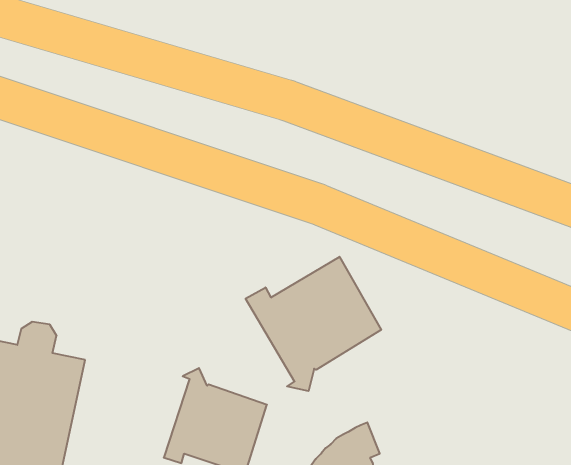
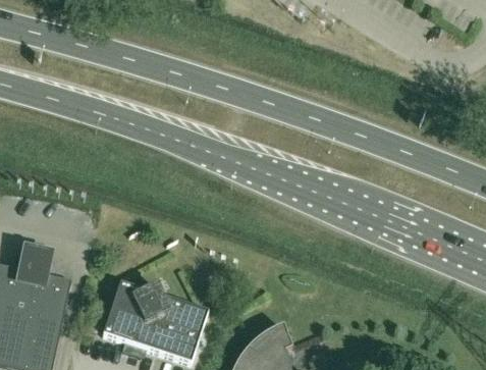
building: [246,257,381,391] -> none
building: none -> [102,281,149,351]

